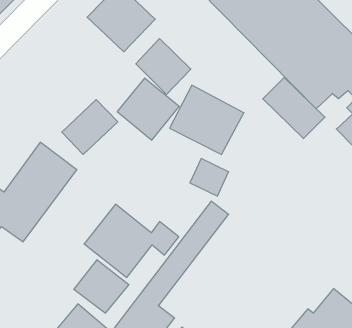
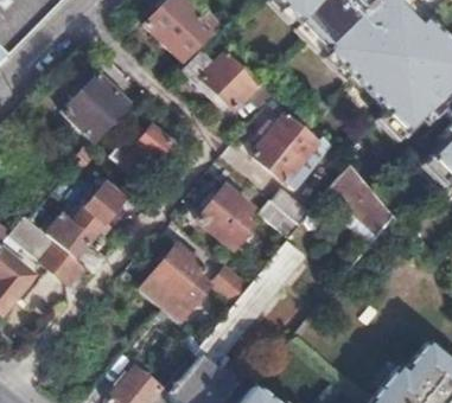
building: none -> [58,69,134,145]
building: [263,78,325,139] -> [324,167,396,238]
building: [117,78,179,140] -> [192,179,265,251]
building: [74,260,129,313] -> none

